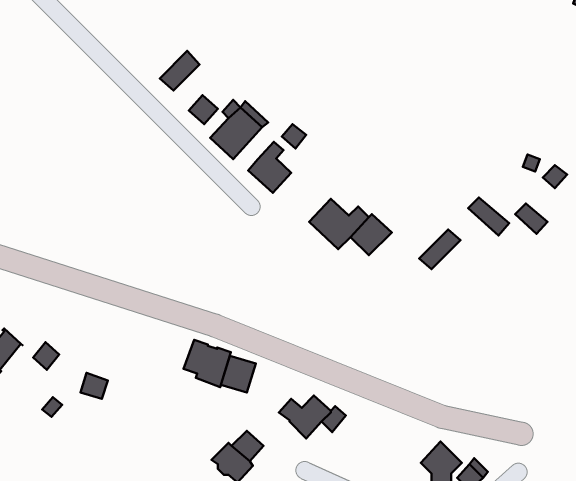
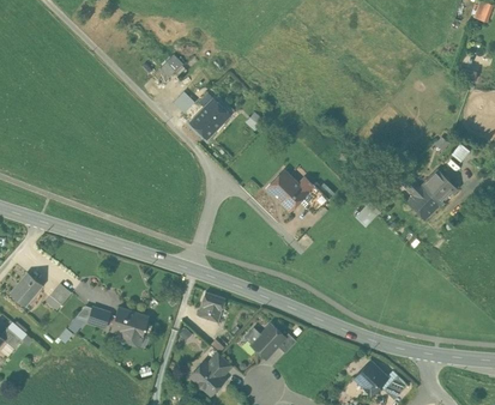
building: [248,142,291,193] -> none
building: none -> [411,182,446,218]
building: [184,340,231,387] -> [110,307,147,344]

